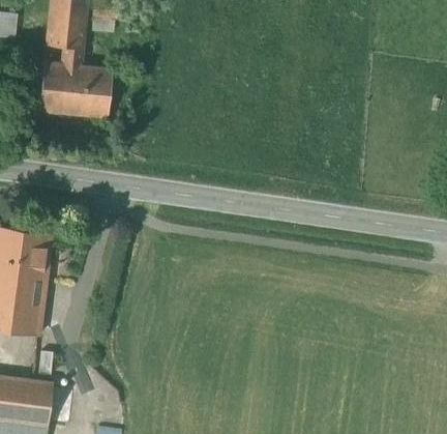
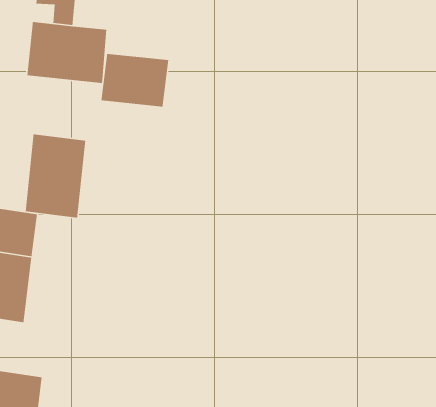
building: none -> [101,53,169,108]
building: none -> [25,134,86,218]

